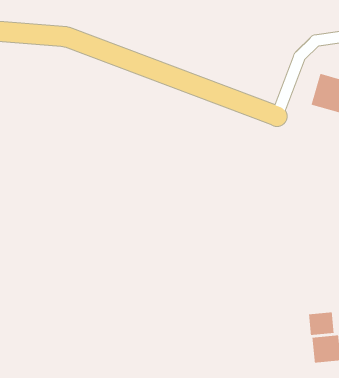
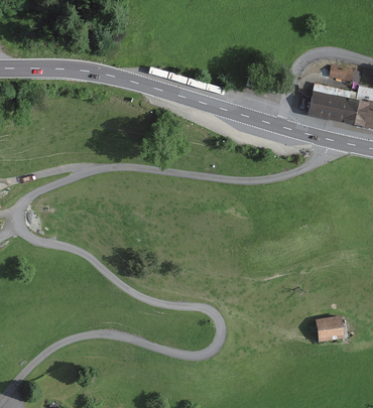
building: [308,311,334,336] -> none

